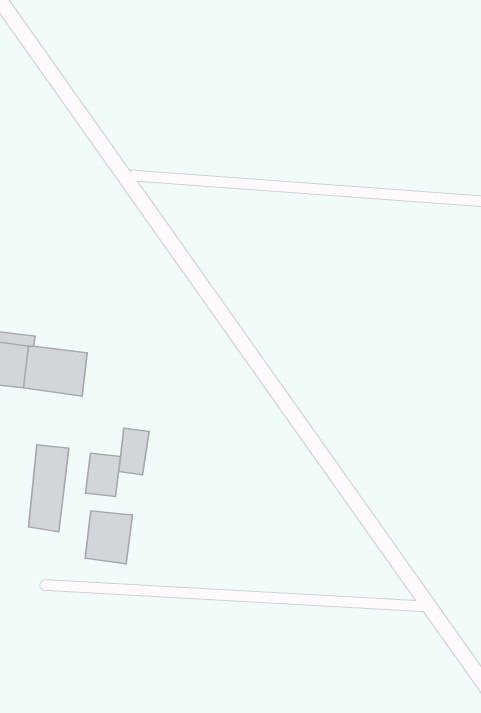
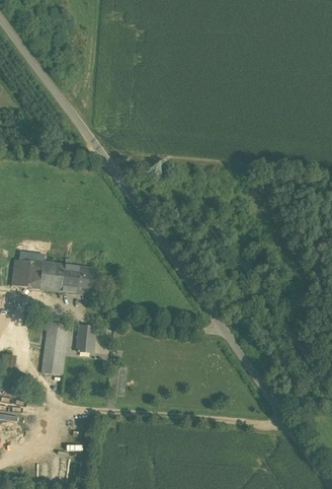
building: [119,428,149,475] -> [74,266,92,294]
building: [85,511,132,564] -> none

